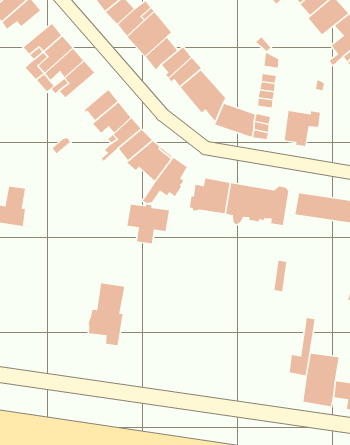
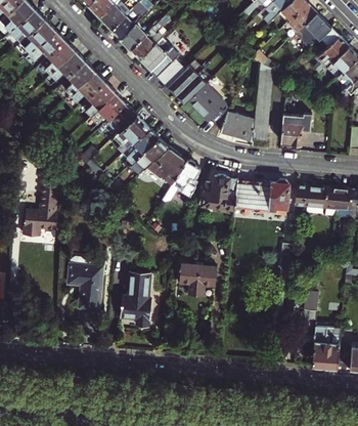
building: none -> [44,40,74,73]
building: none -> [89,91,124,121]
building: [126,204,170,244] -> [179,262,216,297]
building: none -> [68,264,102,310]

